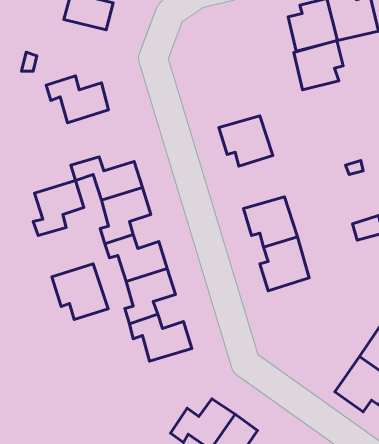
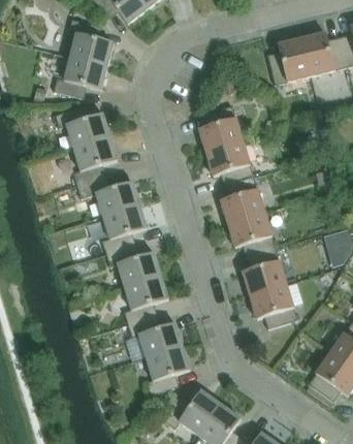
building: none -> [53,57,106,97]
building: [294,41,343,90] -> none
building: none -> [198,105,242,152]
building: none -> [220,177,263,223]
building: [33,180,84,236] -> [71,136,116,185]
building: [52,264,108,319] -> none
building: none -> [249,284,296,328]
building: none -> [145,346,189,395]

